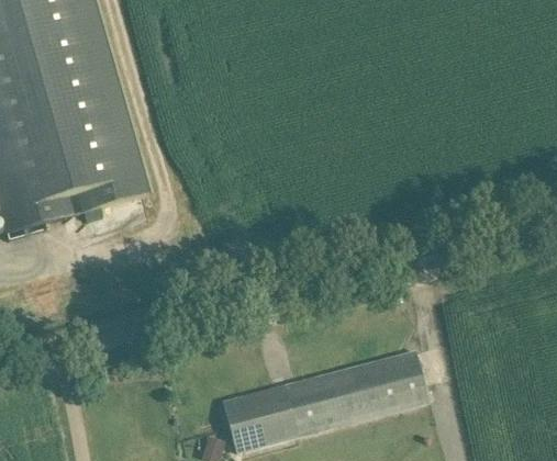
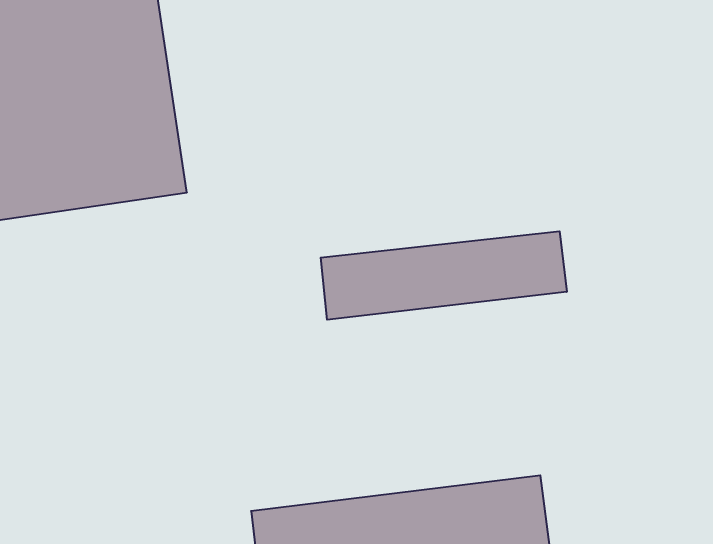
building: none -> [321,231,567,320]

